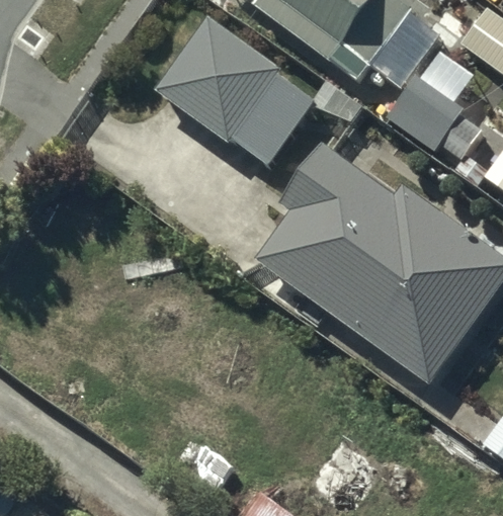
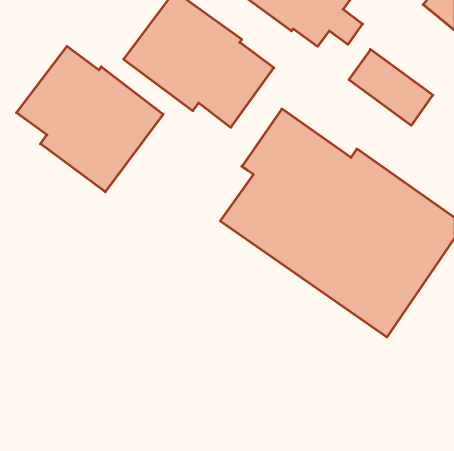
building: none -> [16,46,163,192]

